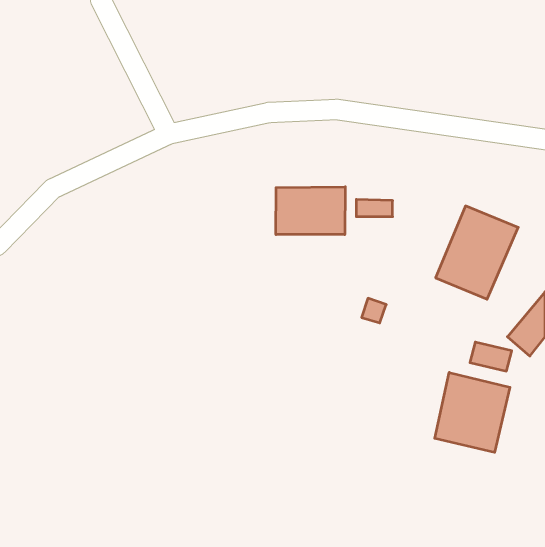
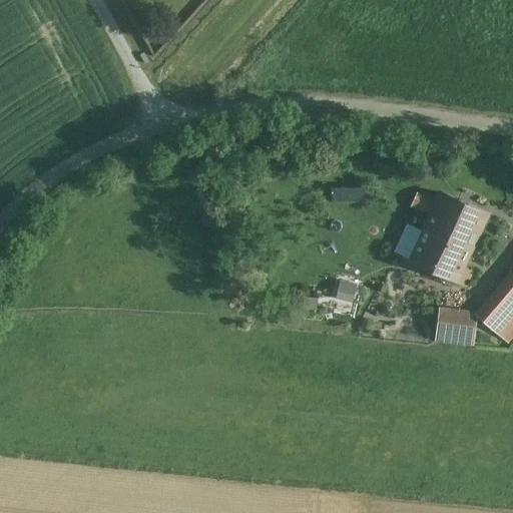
building: [276,187,345,235] -> none
building: [435,372,510,452] -> none

